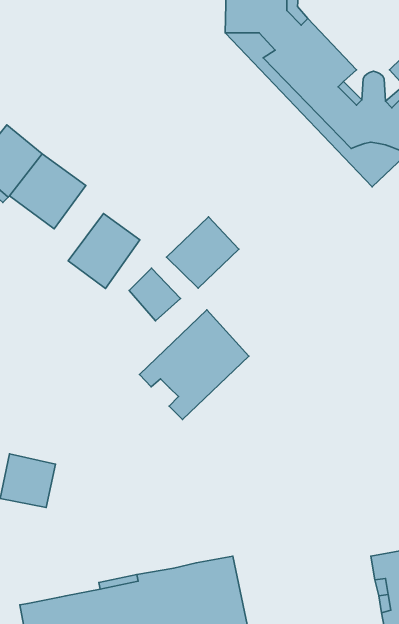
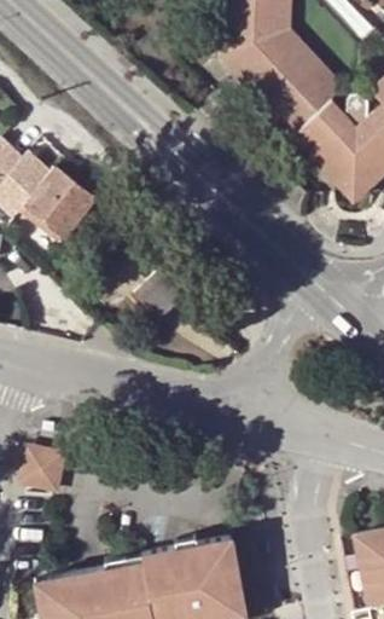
building: [68,213,140,288] -> none
building: [167,217,239,288] -> none
building: [140,310,249,420] -> none

